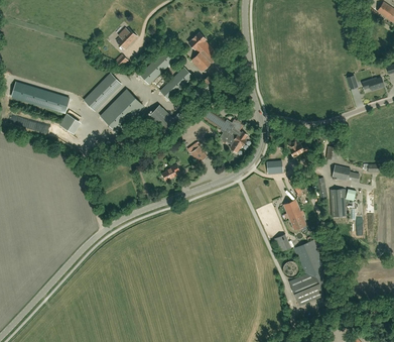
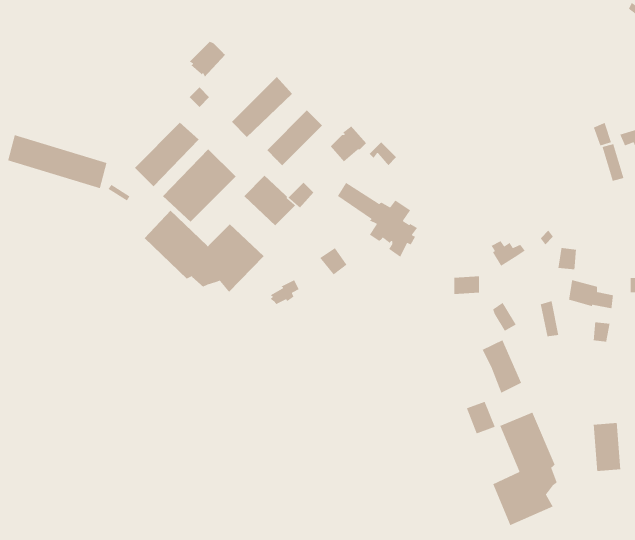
building: [188,33,219,72] -> none
building: none -> [144,210,264,293]
building: [330,189,346,217] -> [593,422,621,472]

